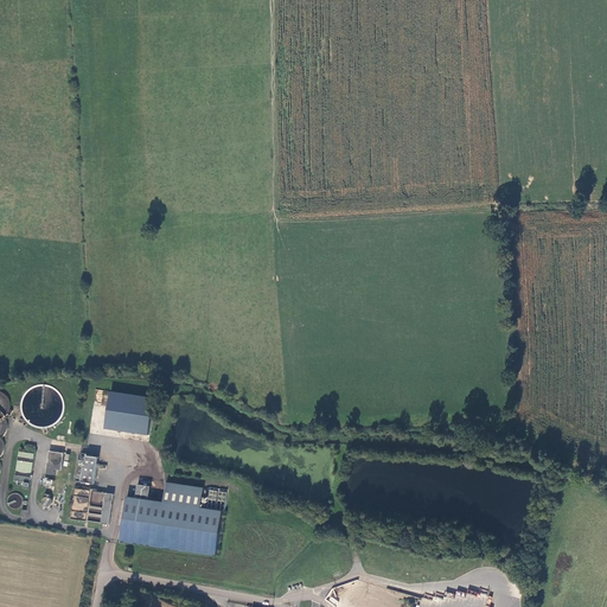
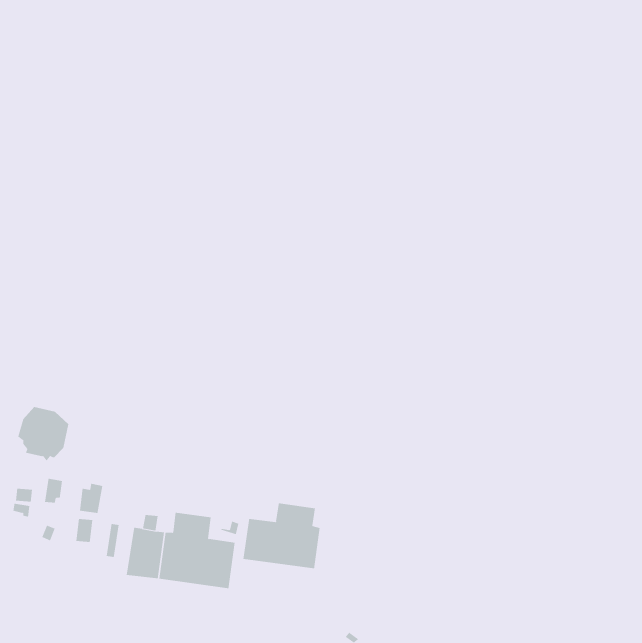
building: [102,391,149,434] -> none
building: none -> [243,503,320,569]

